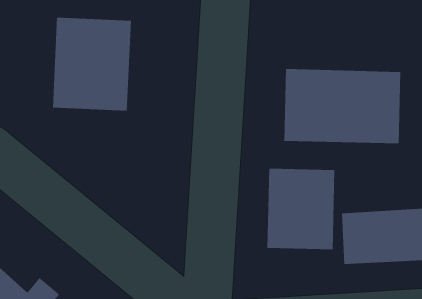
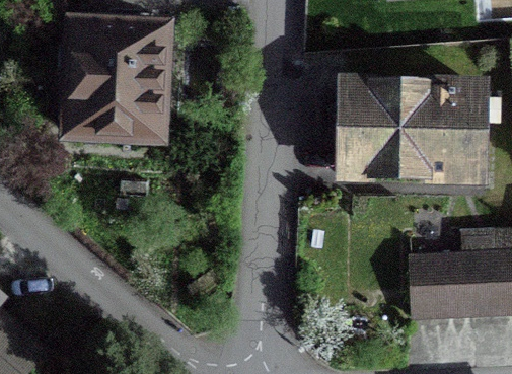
building: [267,168,335,250] -> none

